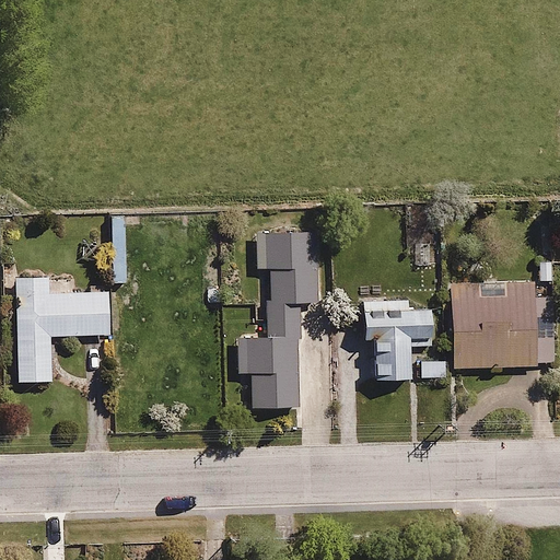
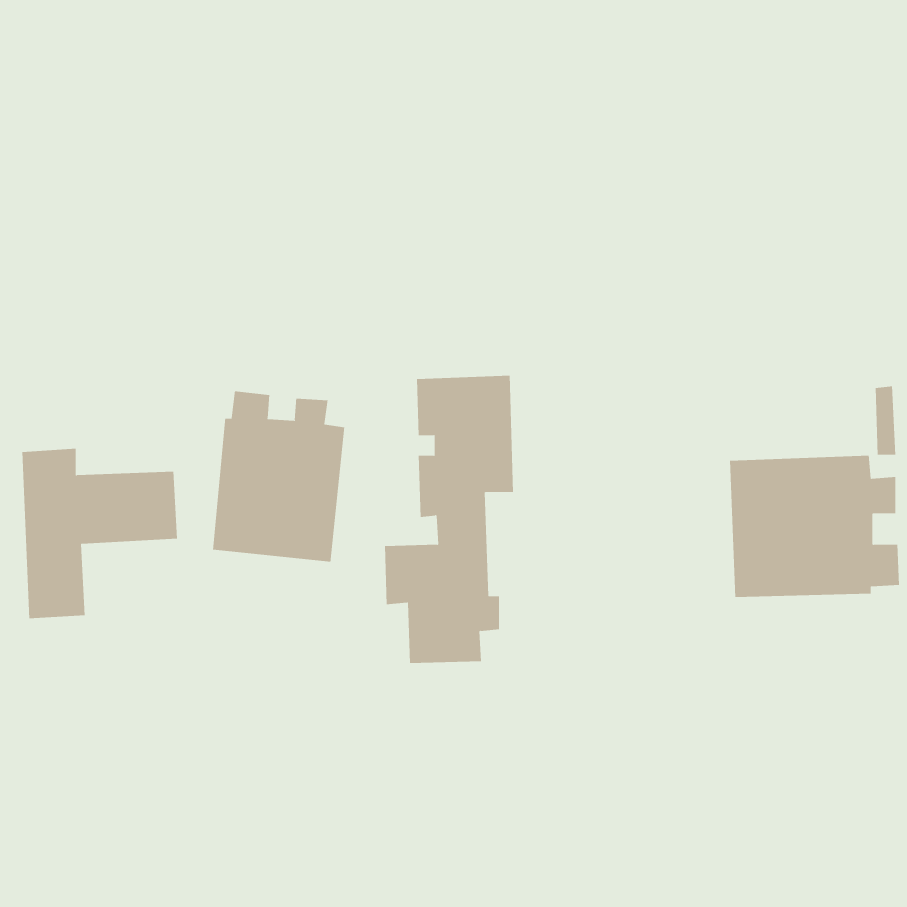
building: none -> [213,391,345,563]
building: [360,298,431,377] -> none

